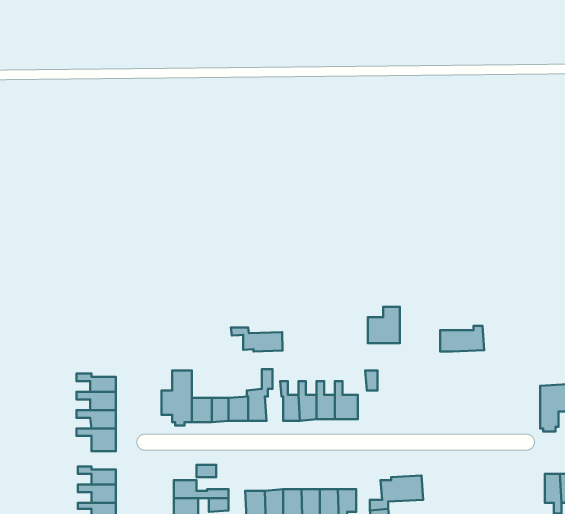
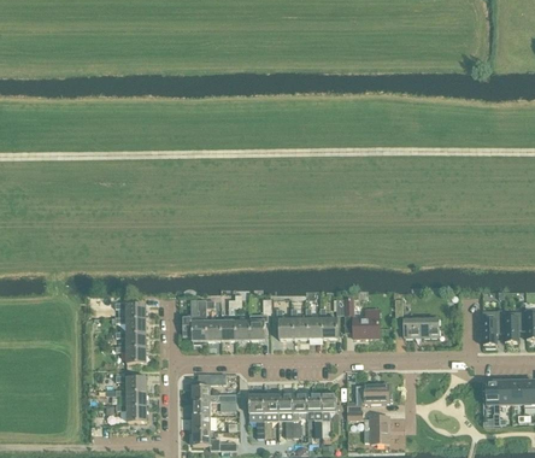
building: [368,307,400,343] -> [353,307,378,336]
building: [440,326,484,352] -> [404,315,439,335]
building: [231,328,283,351] -> none

